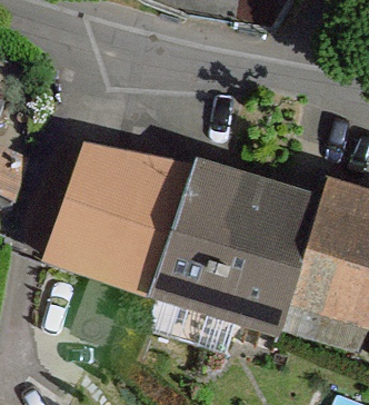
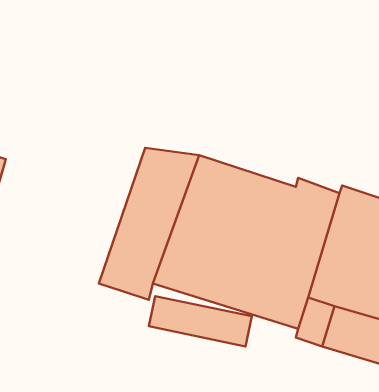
building: [51,137,150,271] -> none

